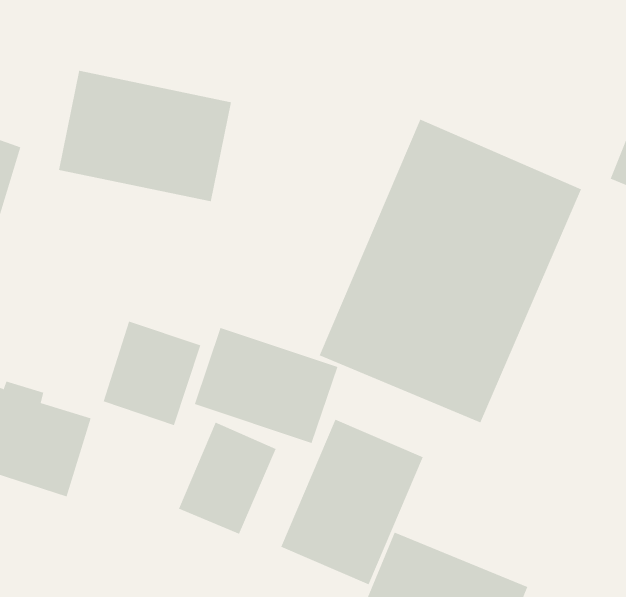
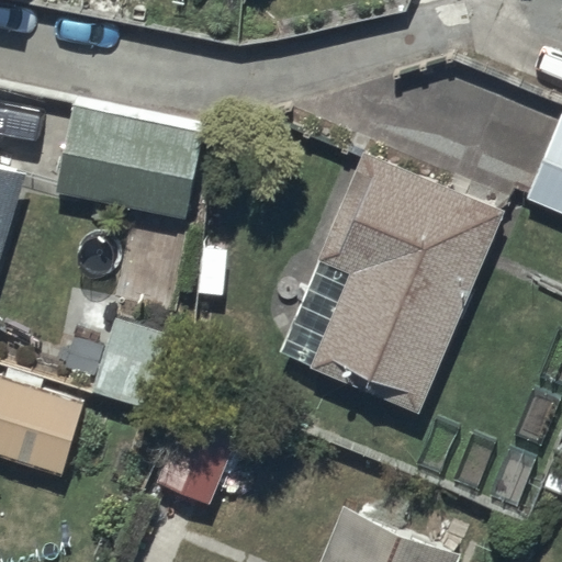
building: [194,327,338,444] -> none
building: [280,419,424,585] -> none

